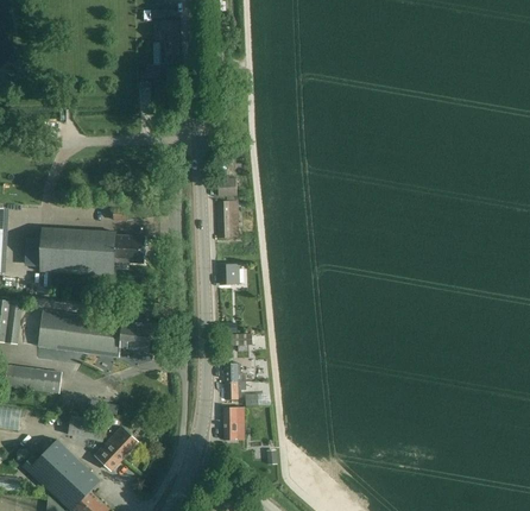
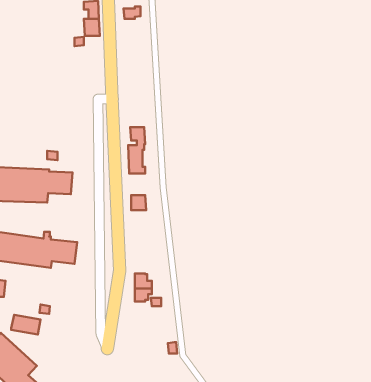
building: [223,408,245,440] -> none
building: [95,427,138,471] -> none

